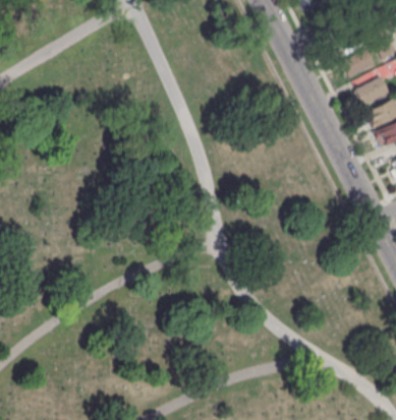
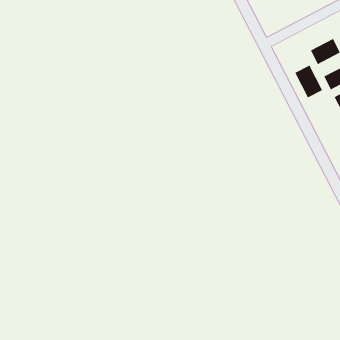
building: none -> [294,64,323,98]

